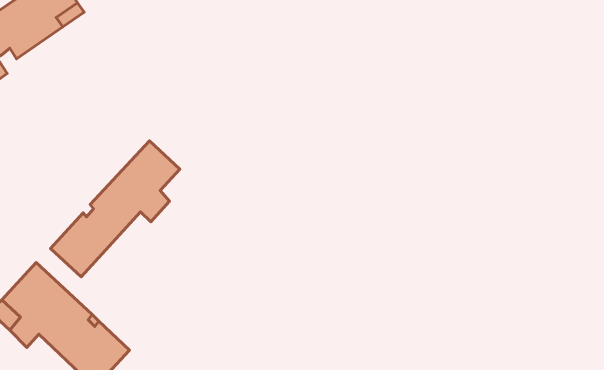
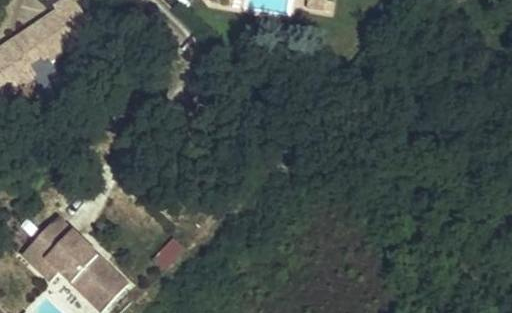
building: [51,141,180,277] -> none

